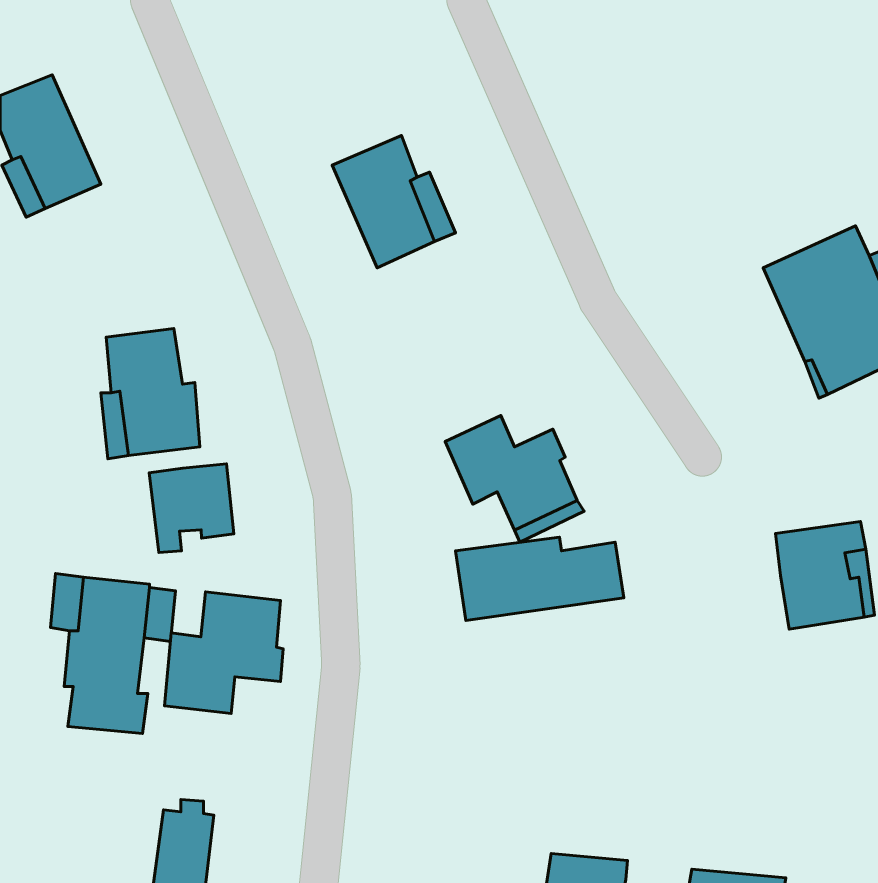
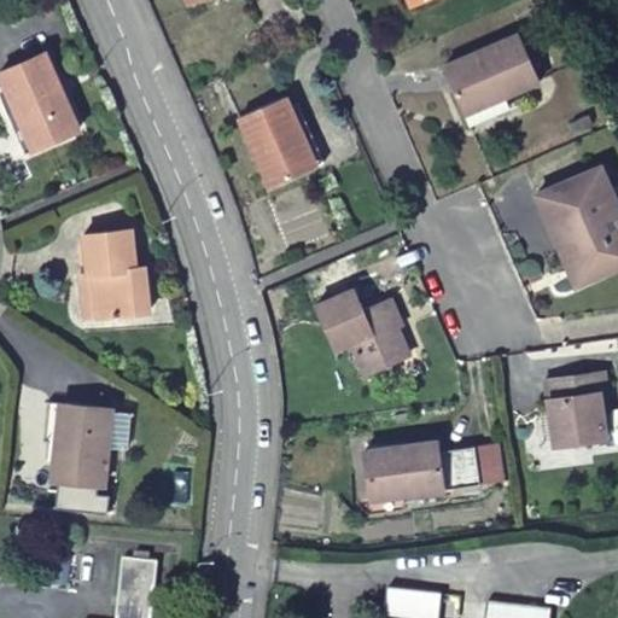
building: none -> [447,33,541,124]
building: [149,464,234,552] -> none
building: [455,537,624,620] -> [367,439,484,497]
building: [164,592,283,713] -> none

